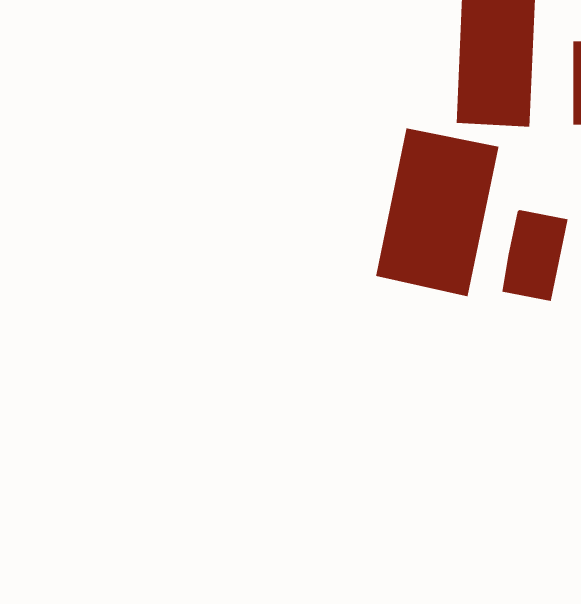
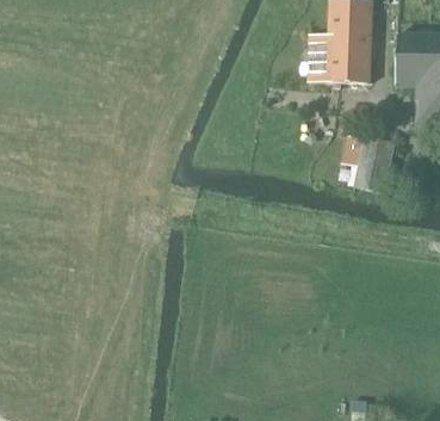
building: [375,128,499,297] -> none

